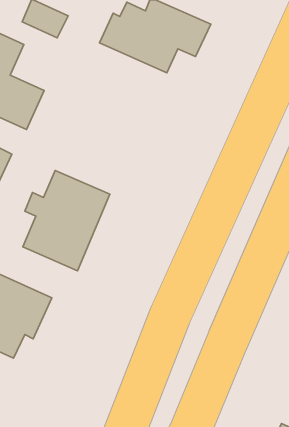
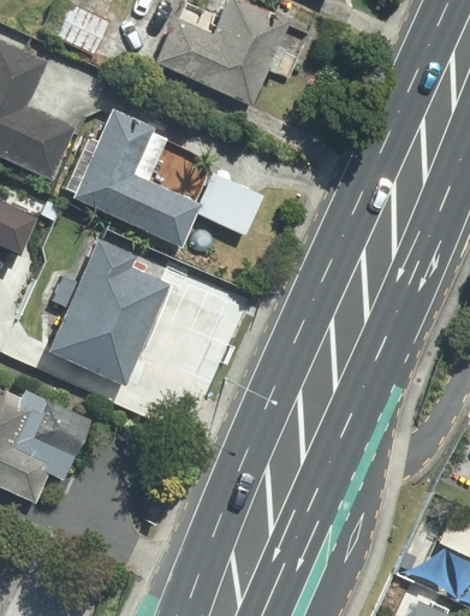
building: none -> [73,111,268,249]

